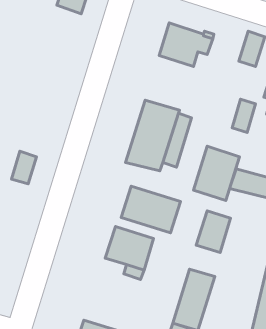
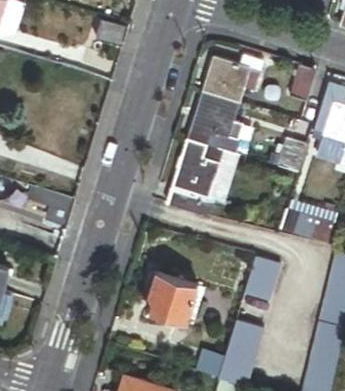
building: none -> [189,88,247,151]
building: [193,146,239,200] -> none
building: [121,186,181,233] -> none

